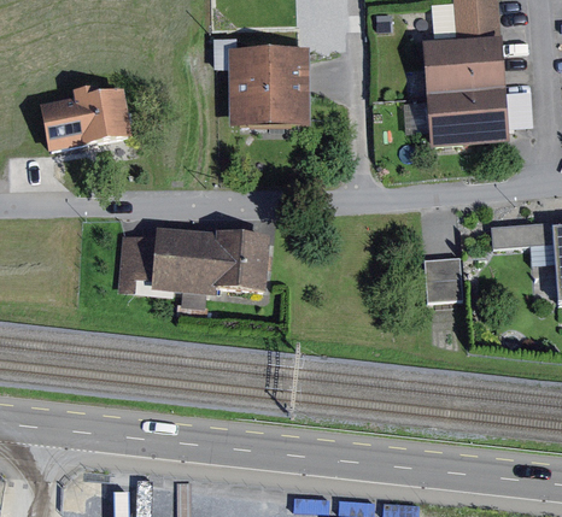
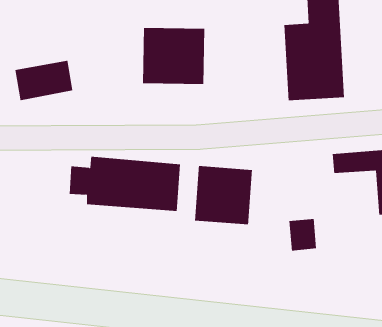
building: none -> [194,165,252,225]
building: [423,253,463,299] -> [288,218,317,251]

